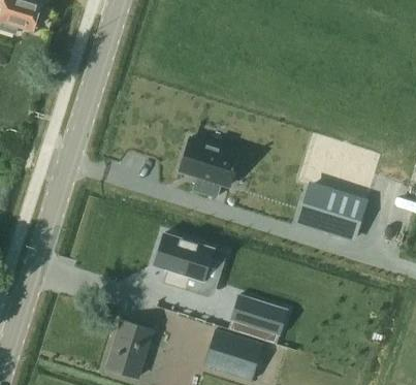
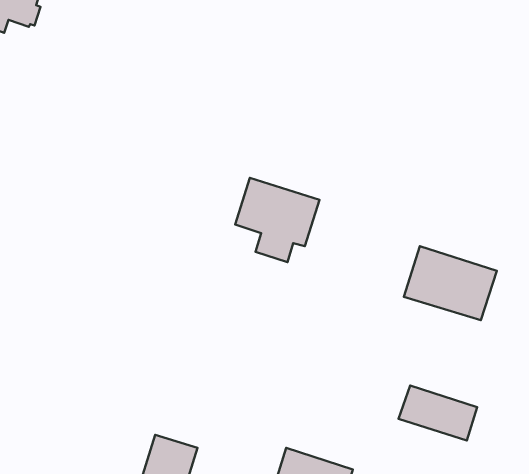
building: [154,232,224,289] -> none
building: [230,295,286,334] -> [399,386,477,441]

